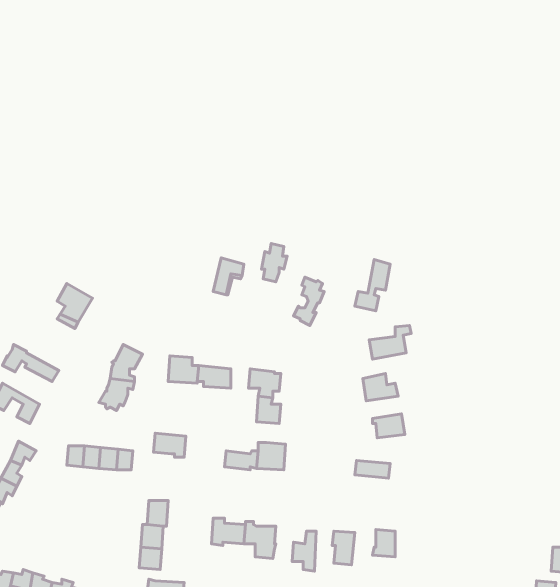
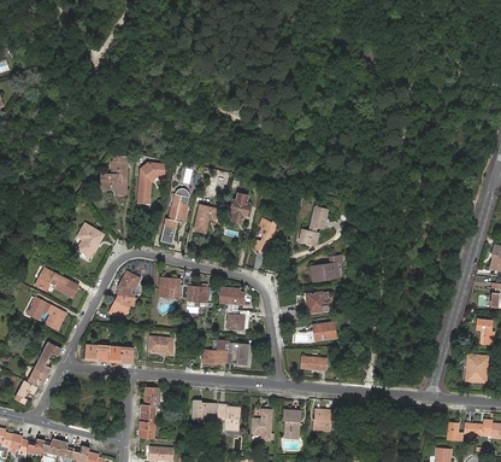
building: none -> [101,158,126,197]
building: none -> [137,164,164,203]
building: none -> [160,188,189,244]

